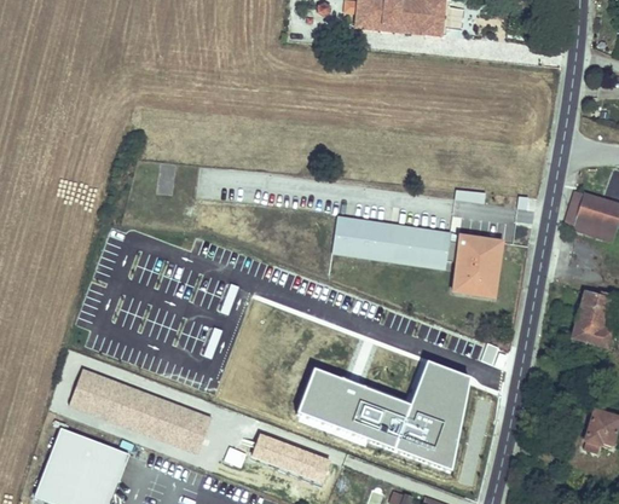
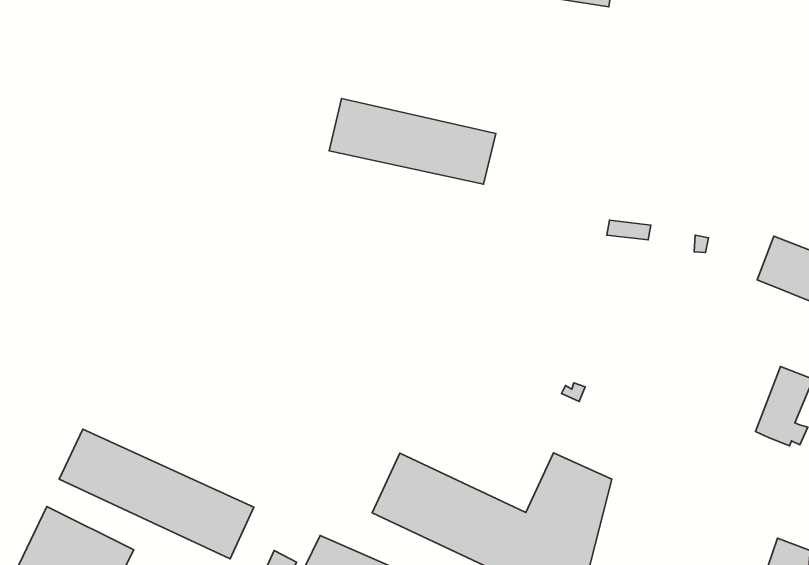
building: [329,215,449,270] -> [329,98,496,184]
building: [450,234,503,297] -> none

